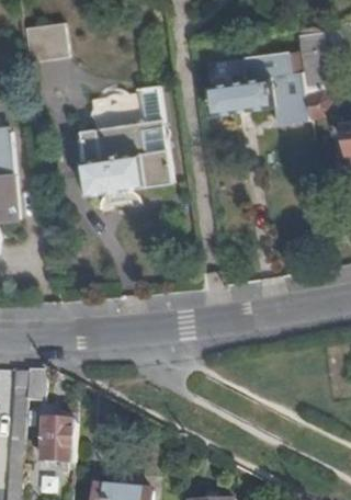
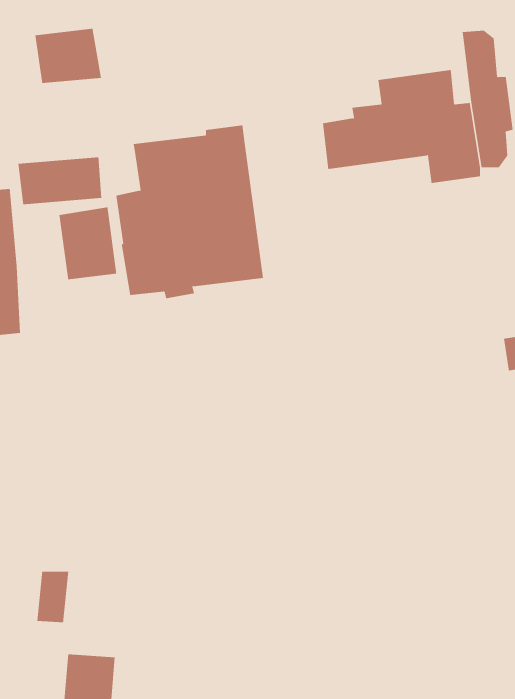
building: none -> [18,157,102,205]
building: none -> [59,207,117,280]

